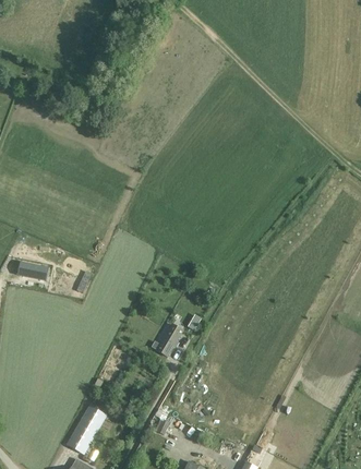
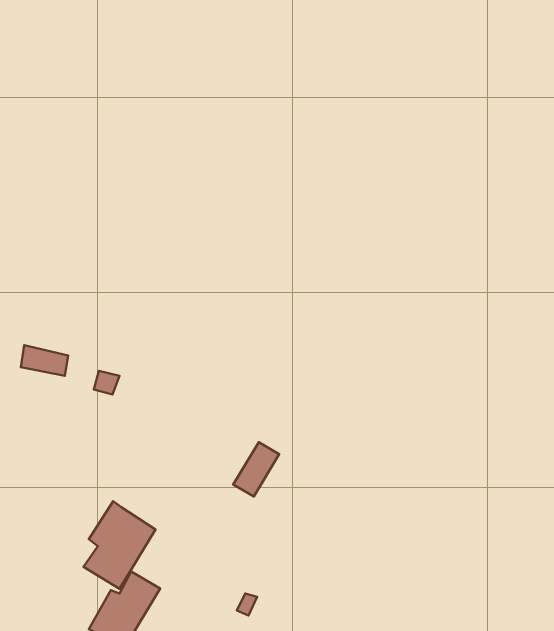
building: none -> [84,501,155,589]

